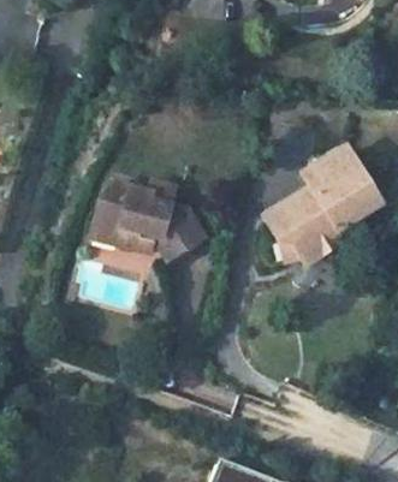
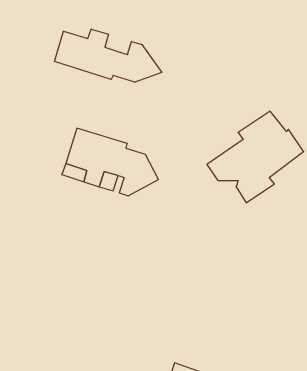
building: none -> [54,29,162,82]

